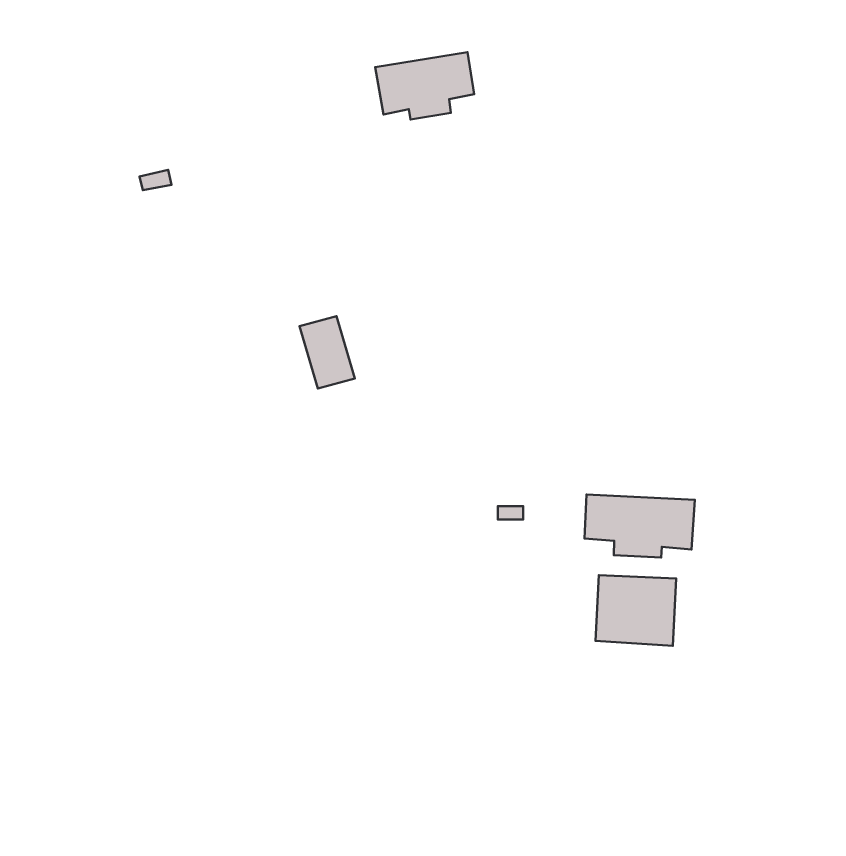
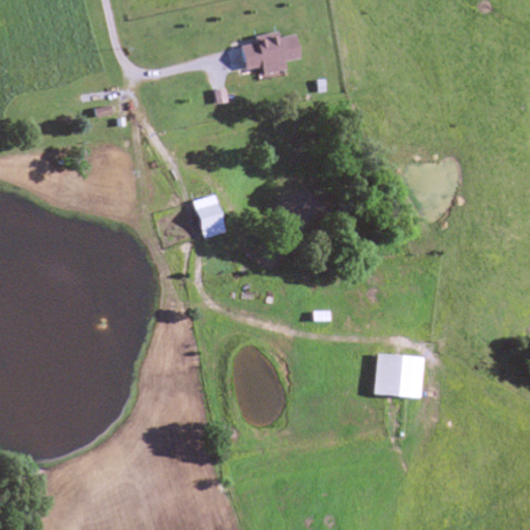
building: [584,494,695,558] -> none

